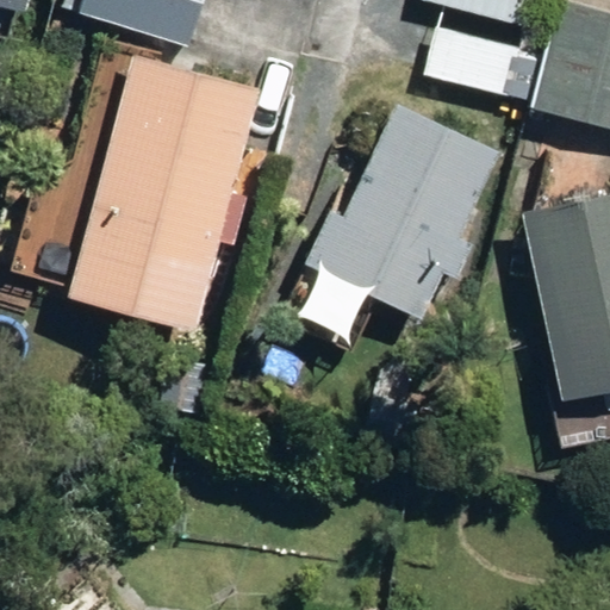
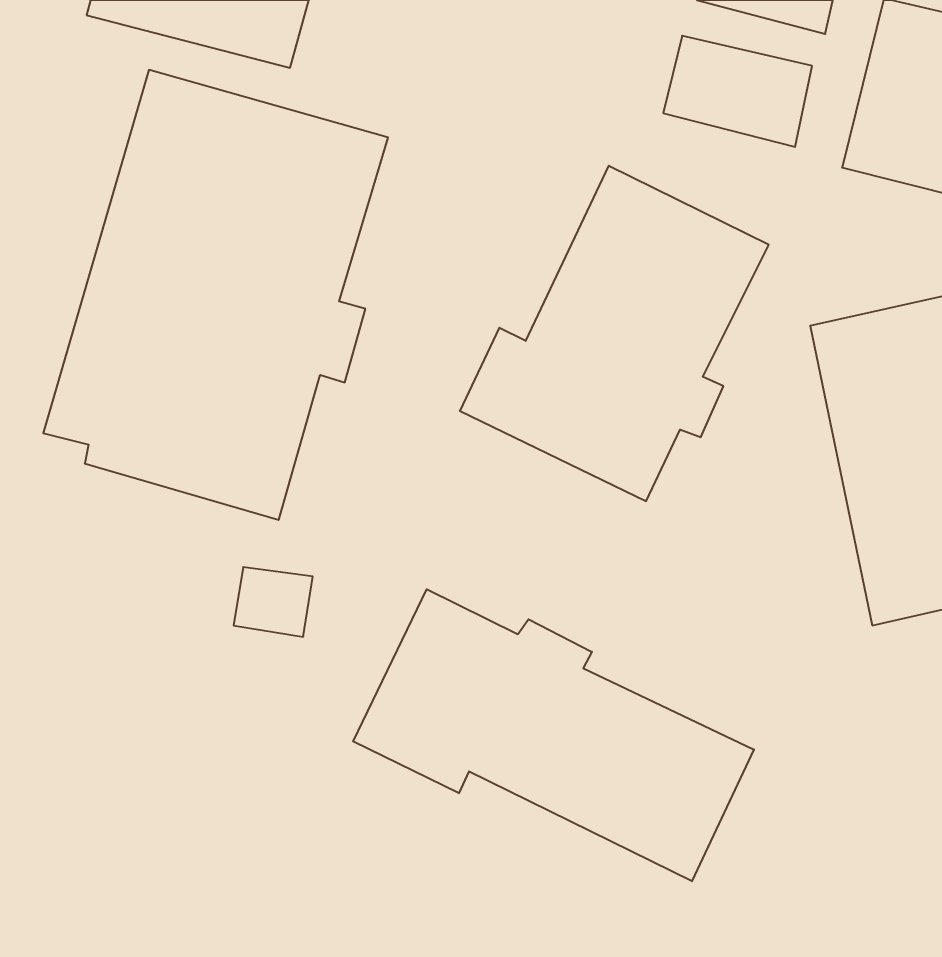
building: none -> [353,589,754,881]

